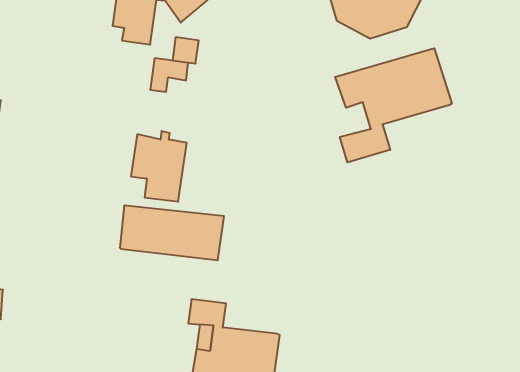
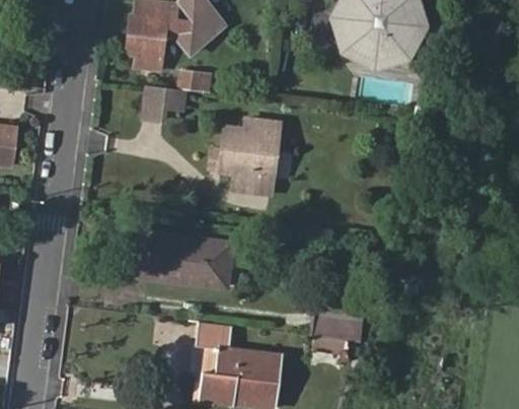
building: [335,48,452,162] -> none
building: [131,131,187,202] -> [220,130,274,198]
building: none -> [310,308,364,340]

